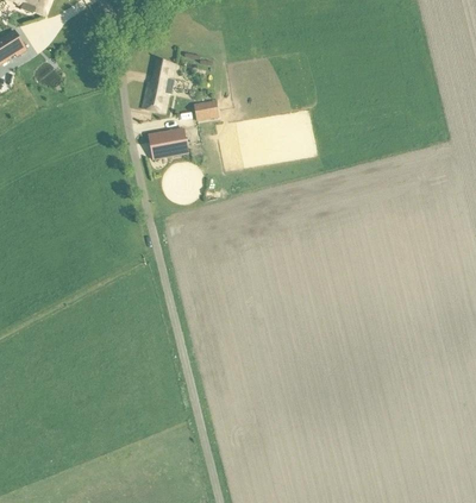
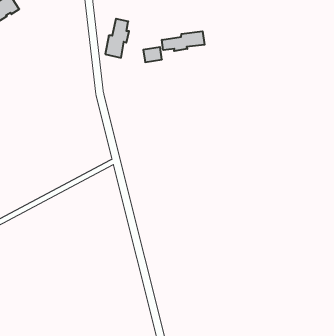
building: none -> [162,31,205,51]
building: [149,127,188,158] -> none

